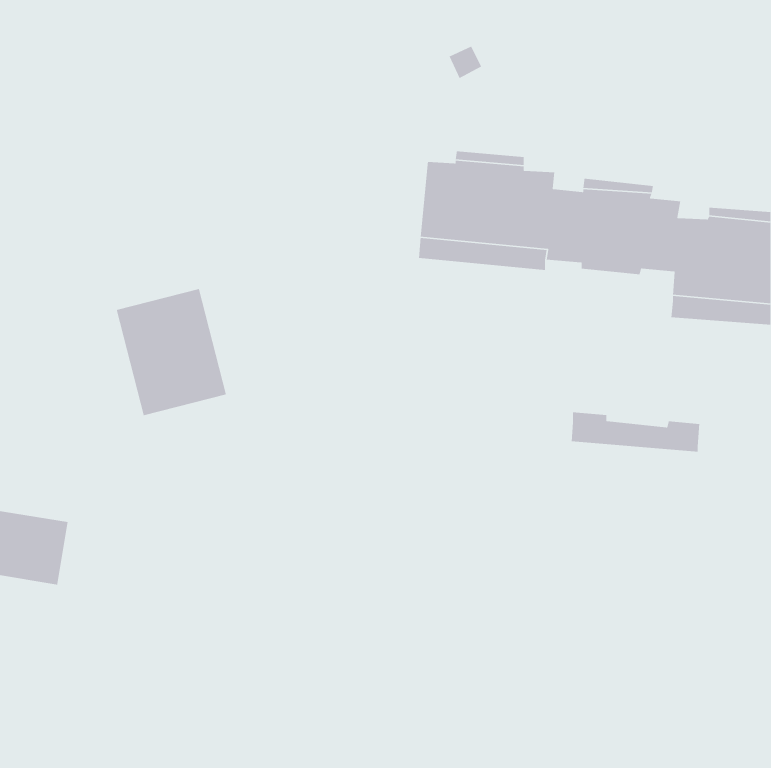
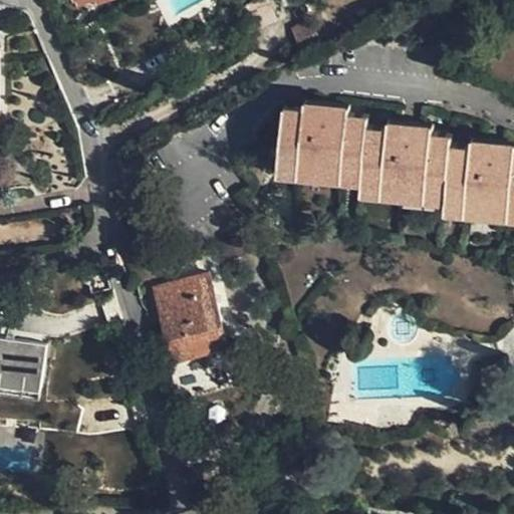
building: [116,288,227,416] -> [151,279,224,363]
building: [571,411,700,453] -> [359,178,445,205]

